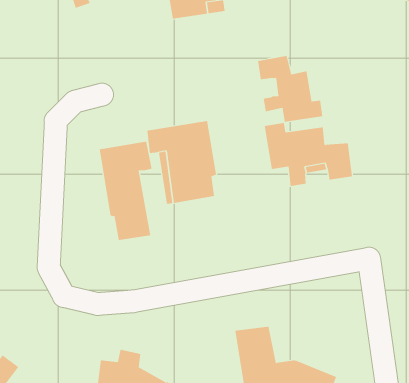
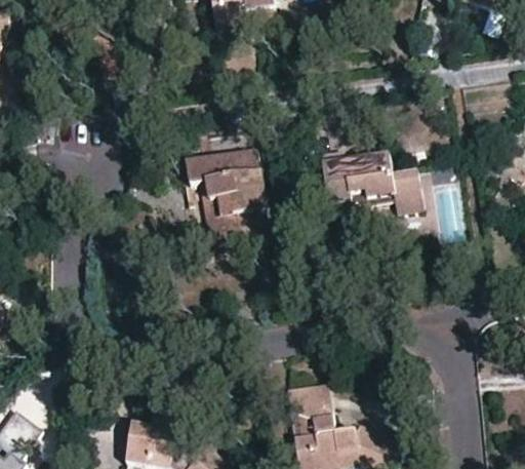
building: [257,55,323,122] -> none
building: [99,141,152,241] -> none

